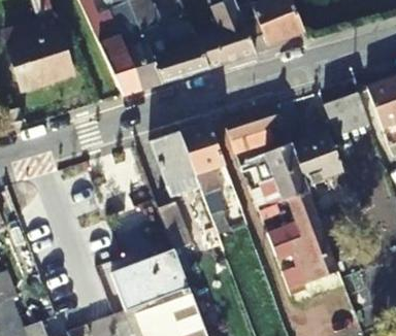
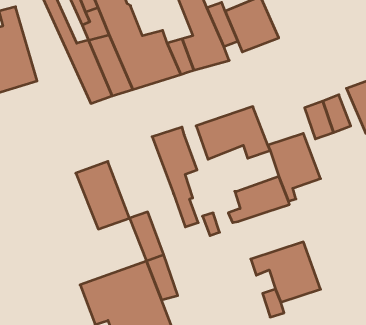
building: [150,132,201,197] -> [76,161,129,229]
building: [239,145,302,184] -> none
building: [270,197,326,249] -> none

